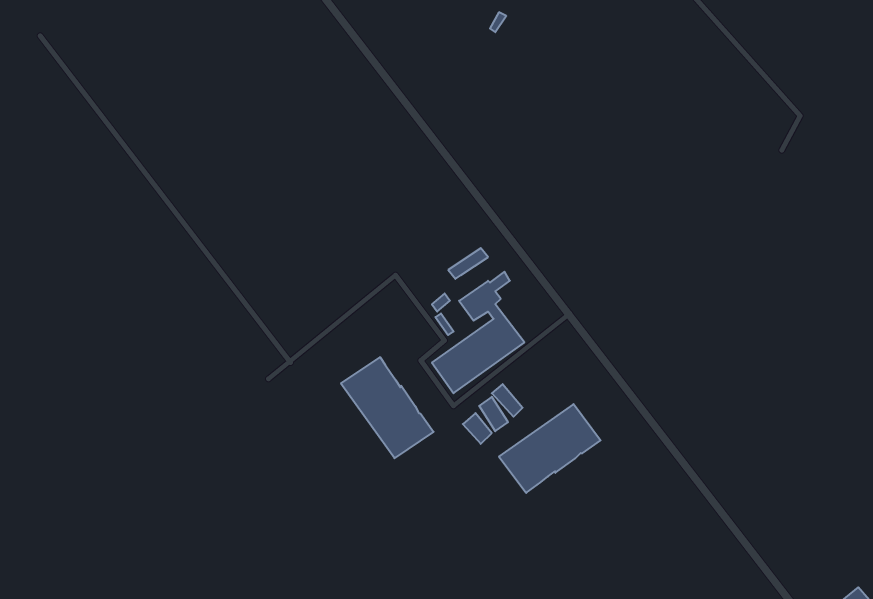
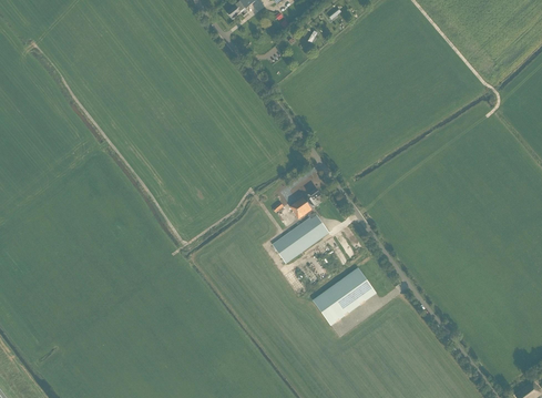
building: [341,357,434,458] -> none

